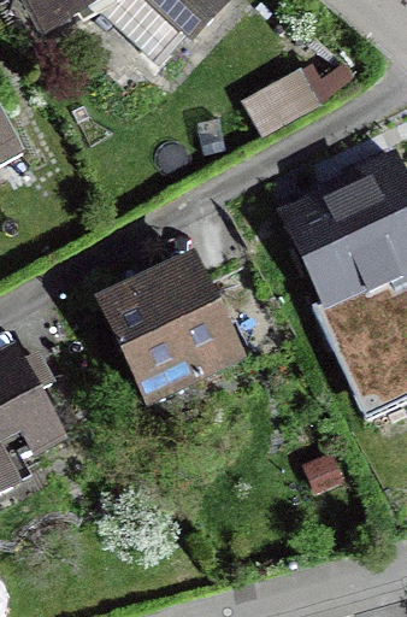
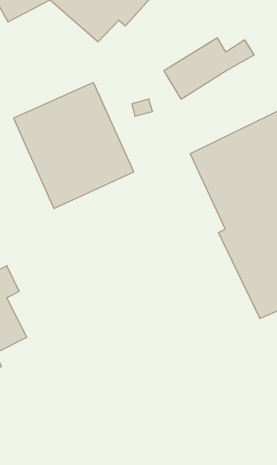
building: [94,248,248,410] -> [14,83,134,209]

